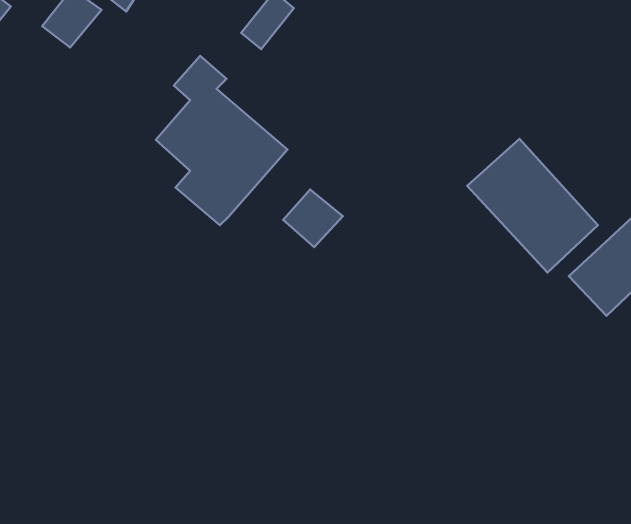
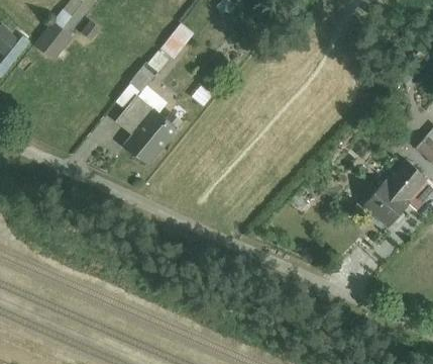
building: [467,139,598,272] -> none
building: [283,190,343,247] -> none

